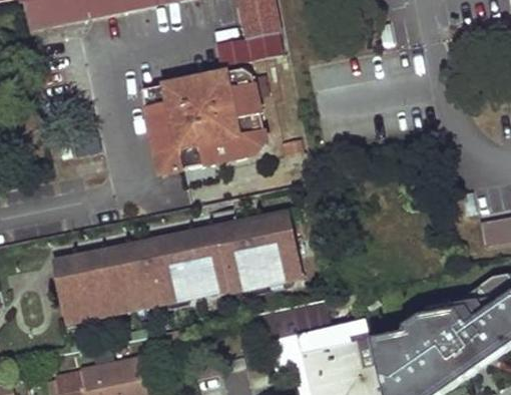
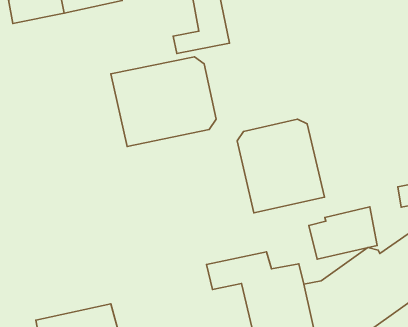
building: none -> [237,119,325,213]
building: [59,215,302,322] -> none
building: none -> [309,207,377,259]

